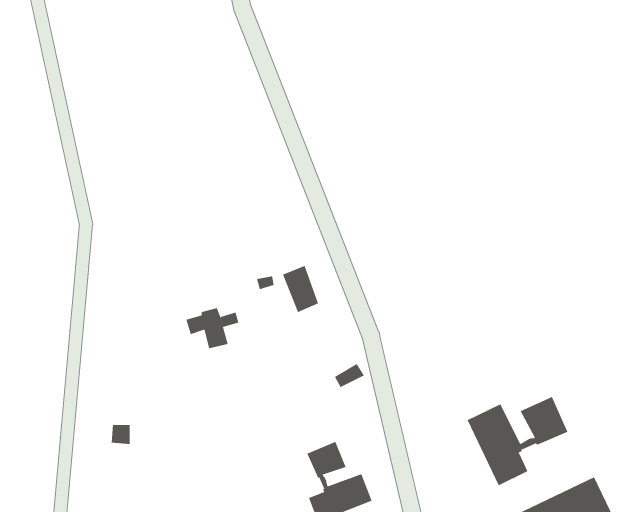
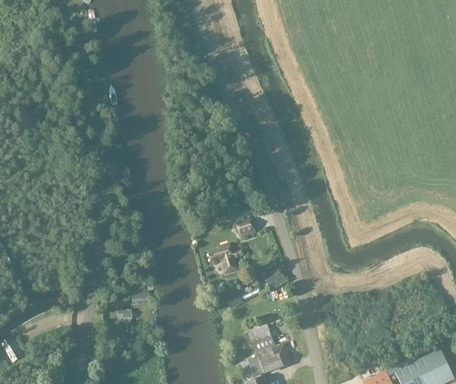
building: [186,307,239,349] -> [209,246,245,273]
building: [467,396,568,486] -> none

